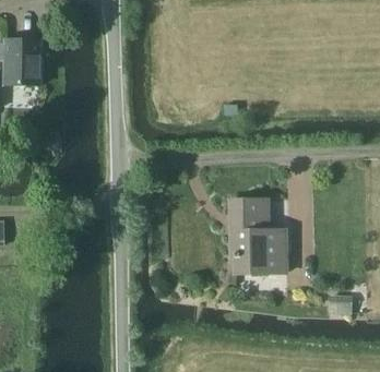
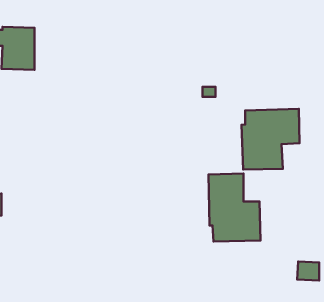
building: none -> [242,109,300,170]

